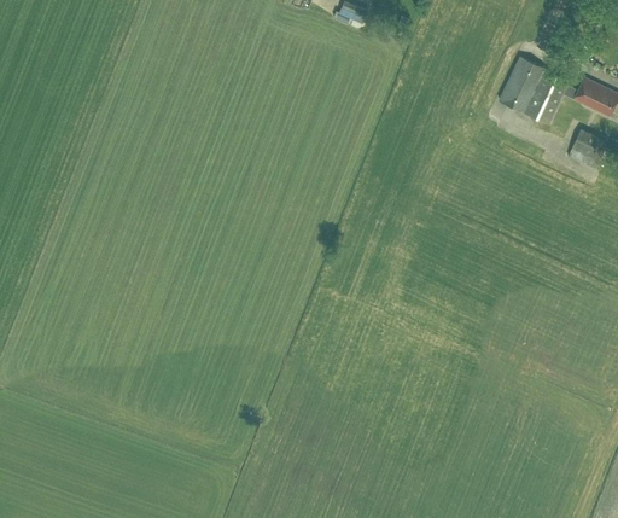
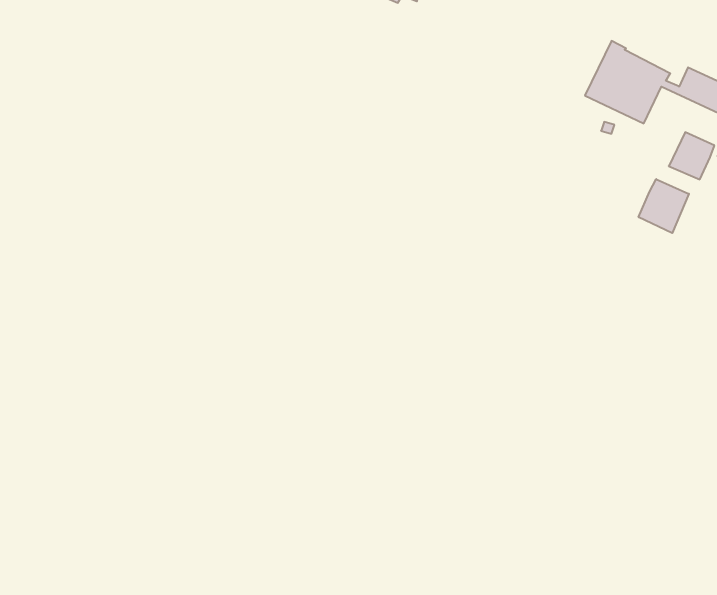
building: none -> [639,179,689,233]

